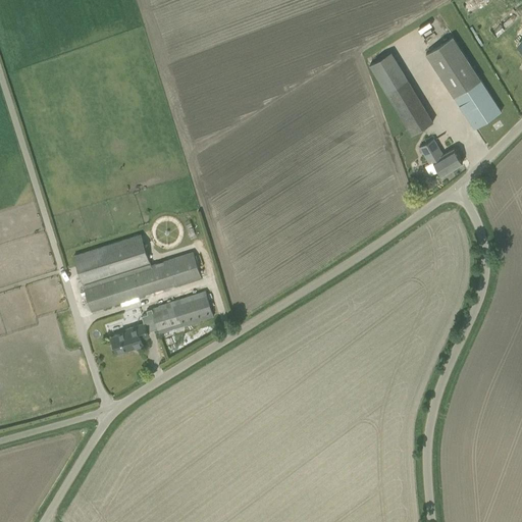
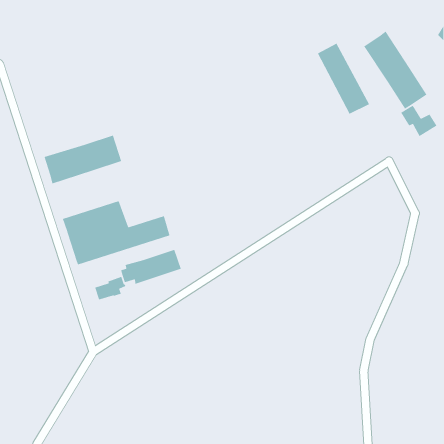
building: [418,139,462,176] -> [400,105,438,137]
building: none -> [44,135,122,184]

